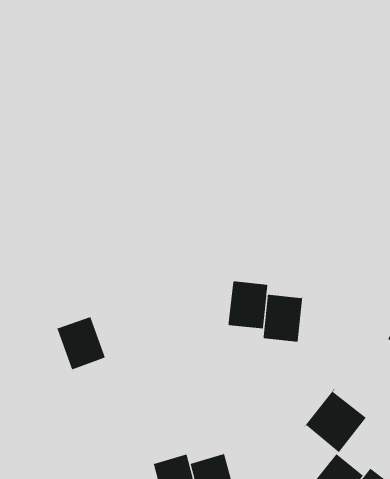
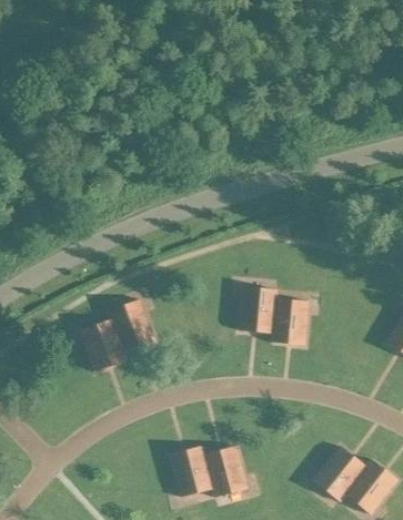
building: none -> [110,298,155,359]
building: [303,388,374,454] -> none

